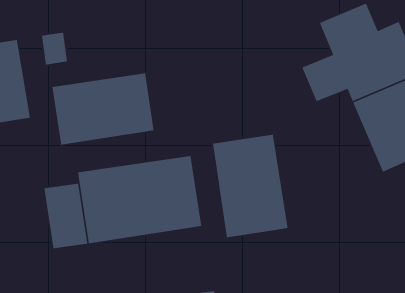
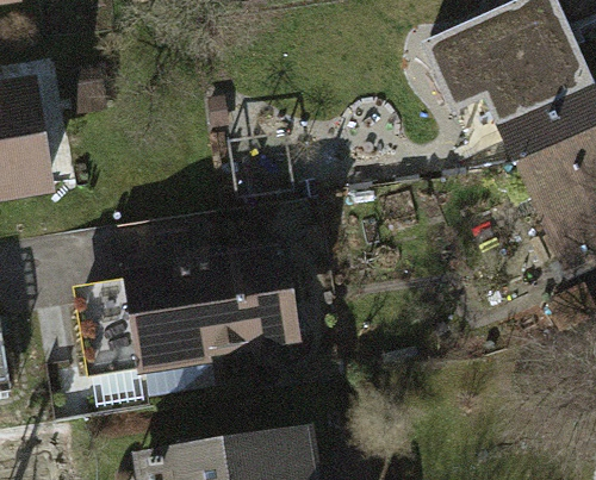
building: [52,73,154,145] -> none
building: [212,134,288,238] -> none

